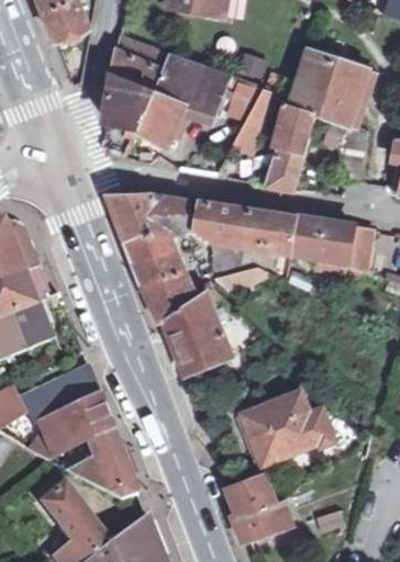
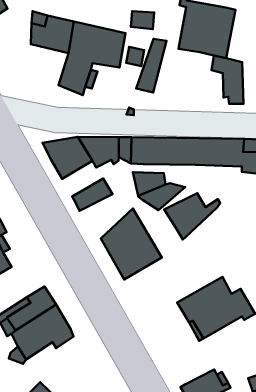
building: [104,72,156,131] -> none
building: [267,102,315,190] -> none
building: [126,225,176,265] -> none
building: [142,269,211,323] -> [164,193,220,239]
building: [65,435,135,498] -> none
building: [229,473,277,513] -> none

